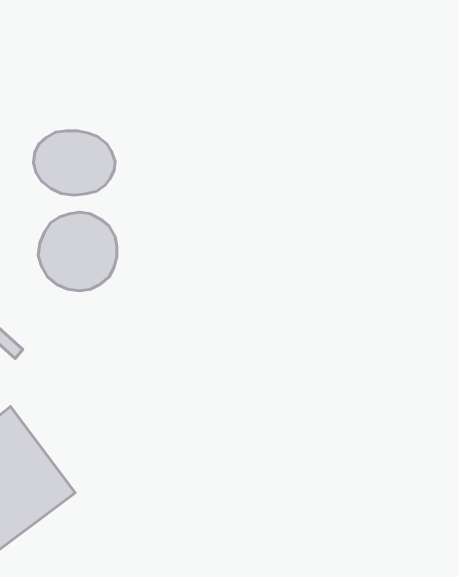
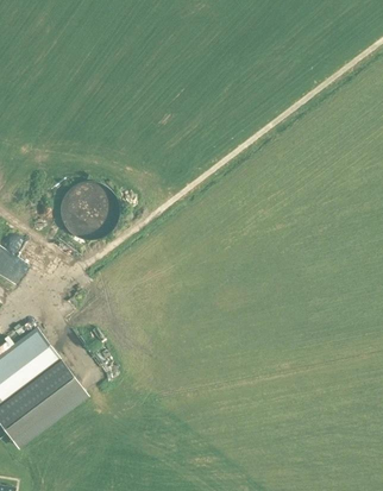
building: [34,131,115,195] -> none

